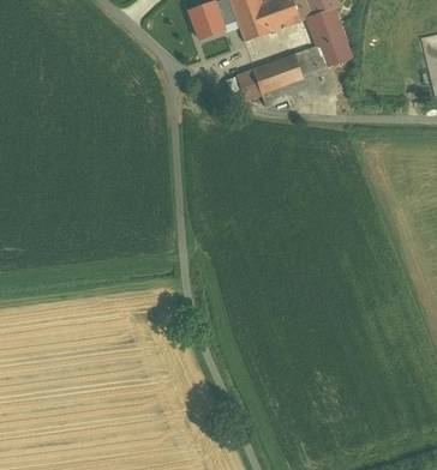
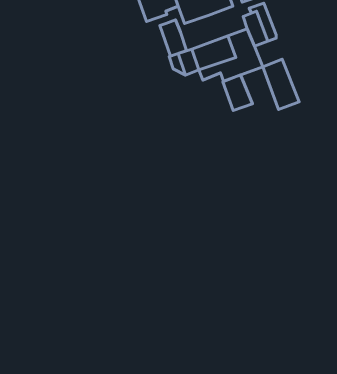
building: none -> [160,20,186,56]
building: none -> [263,59,299,109]
building: none -> [223,75,253,111]

